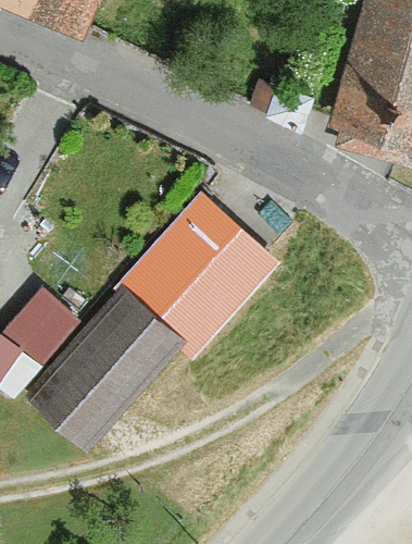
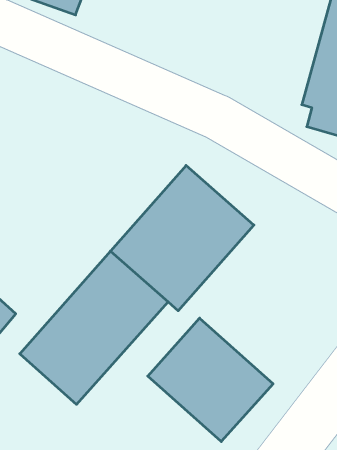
building: none -> [148,318,273,442]

